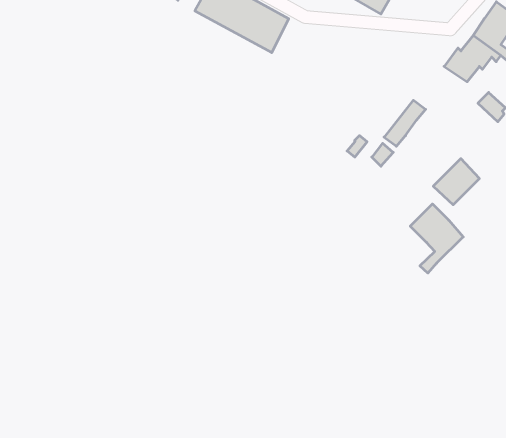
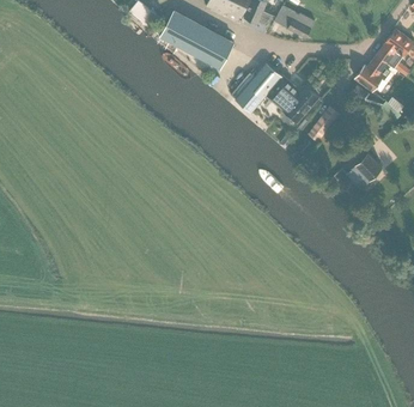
building: none -> [235,62,319,122]
building: [410,204,463,273] -> none

